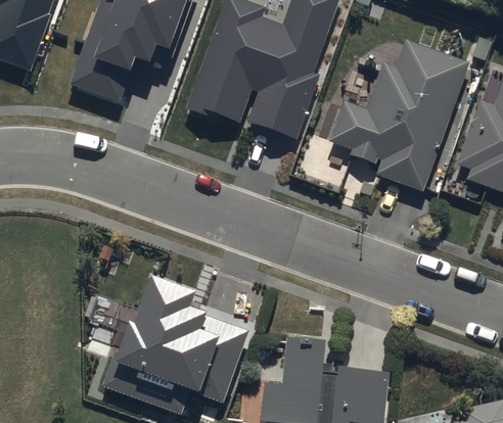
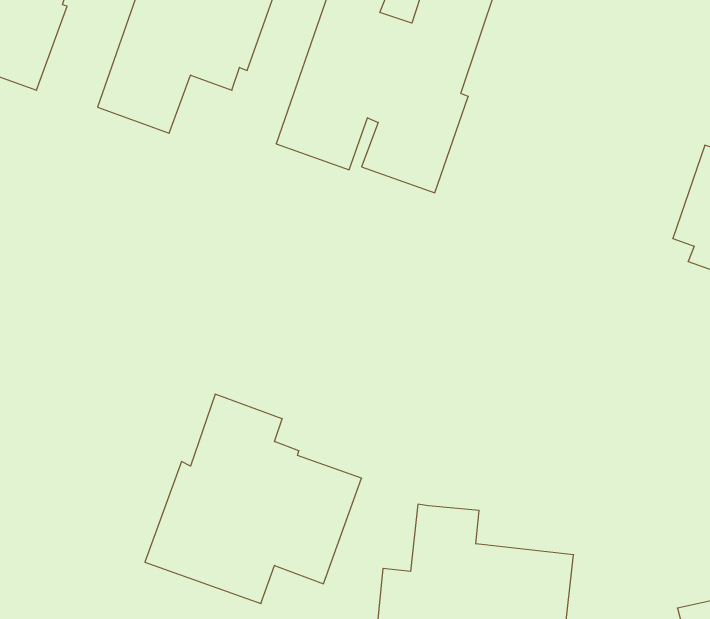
building: [330,42,468,190] -> none

